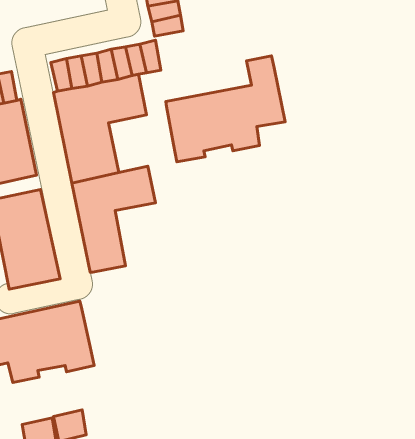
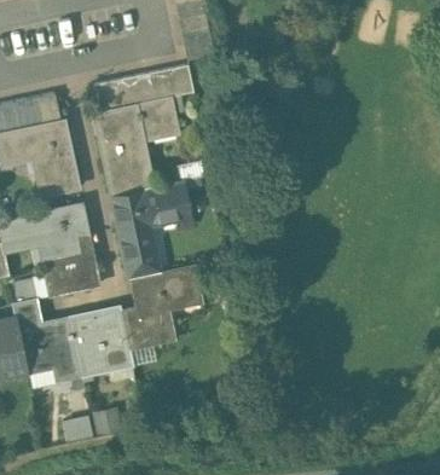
building: [166,56,285,162] -> none
building: none -> [120,266,203,348]

